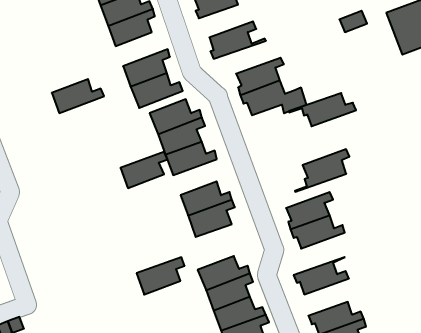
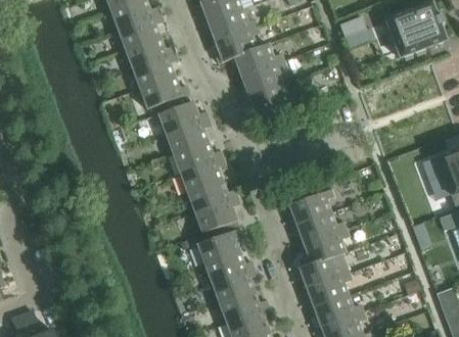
building: none -> [204,9,257,41]
building: [52,79,104,113] -> [125,36,175,68]
building: [289,93,356,126] -> [219,44,283,76]
building: [295,149,349,192] -> [295,228,348,269]
building: [120,152,167,188] -> [180,157,225,192]
building: [137,257,185,295] -> [196,228,242,263]
building: none -> [306,272,351,307]

